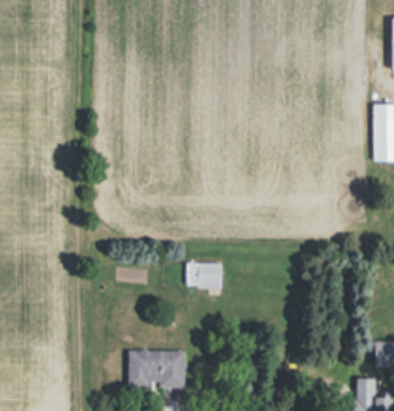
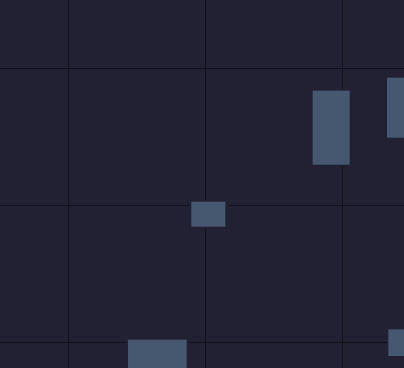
building: none -> [312,90,351,165]
building: [187,262,221,287] -> [190,201,226,228]

